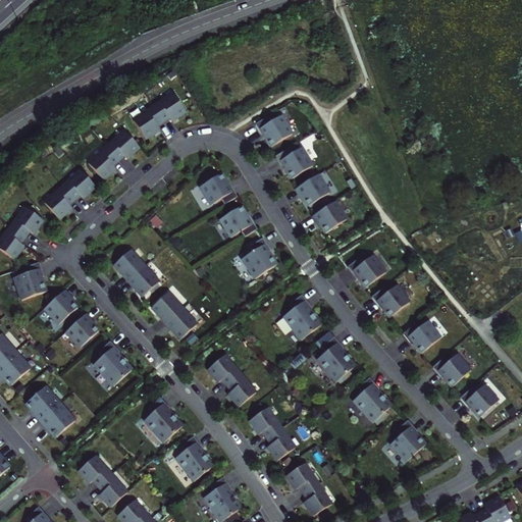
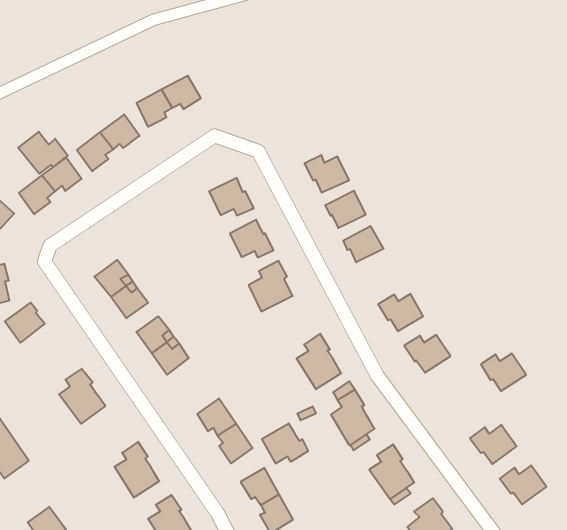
building: [255,114,293,146] -> none
building: none -> [18,132,68,174]
building: [65,314,98,348] -> none
building: [403,320,440,352] -> [481,354,526,391]
building: none -> [262,423,308,464]

